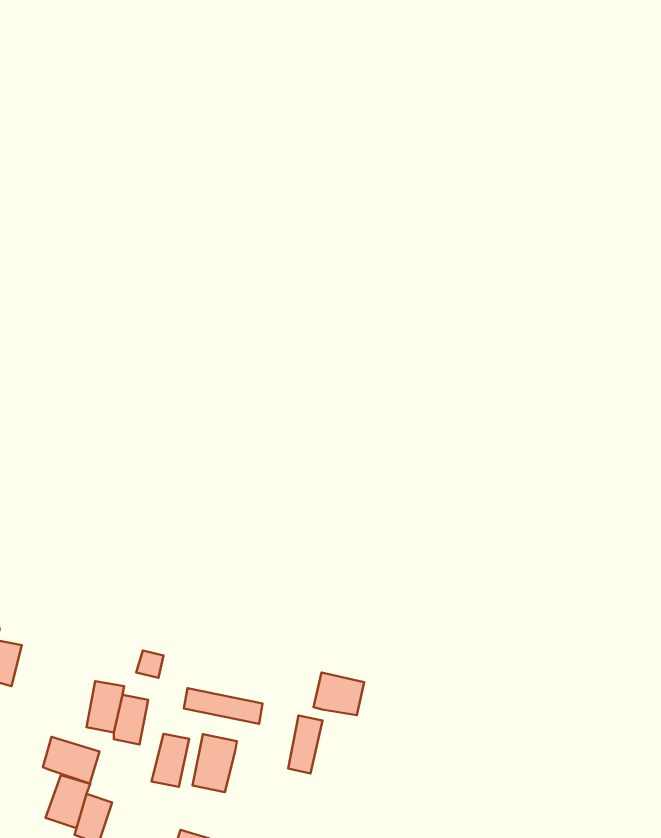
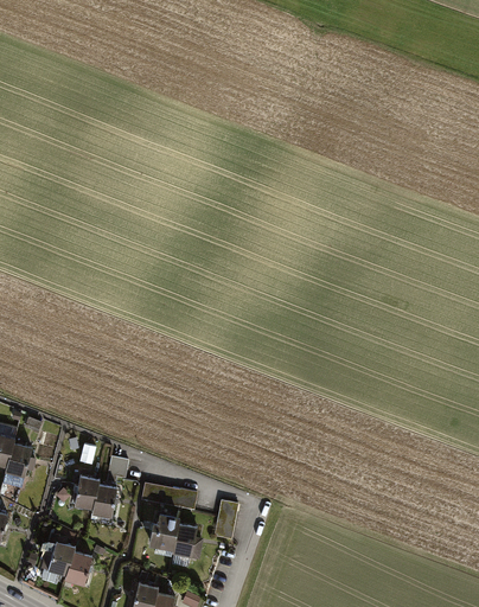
building: [314,672,364,715] -> none
building: [152,734,189,787] -> [170,524,196,561]
building: [43,737,100,784] -> none

